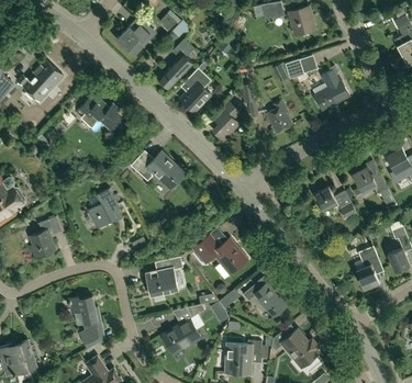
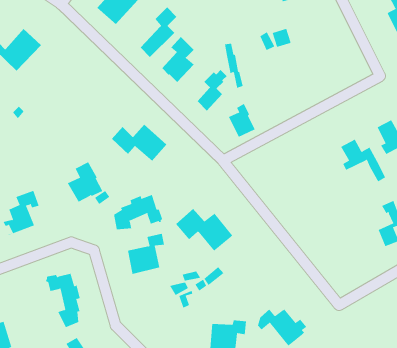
building: [312,69,349,109] -> none
building: [76,95,122,131] -> none
building: [266,99,292,132] -> [228,103,256,137]
building: [314,184,356,217] -> none
building: none -> [113,194,163,230]
building: [356,246,382,289] -> none
building: [243,282,287,317] -> none
building: [163,318,201,353] -> none

